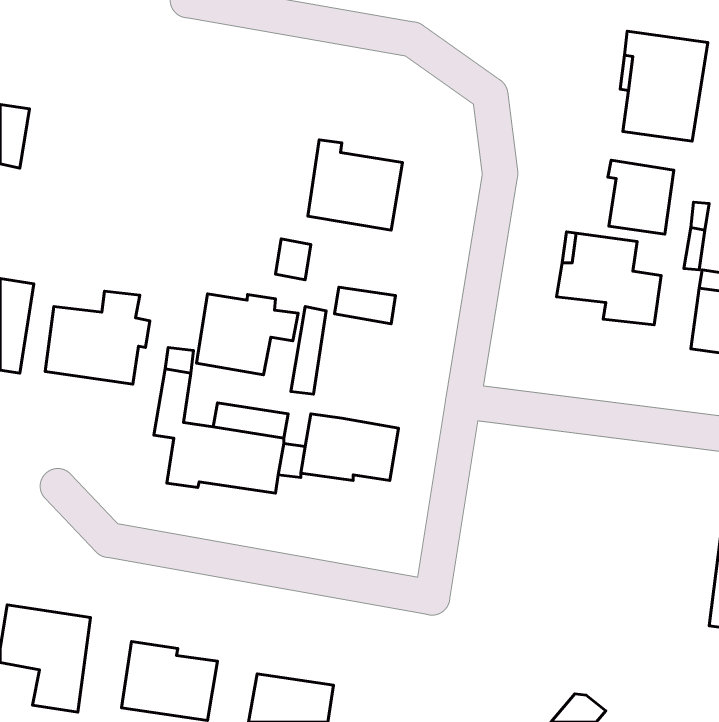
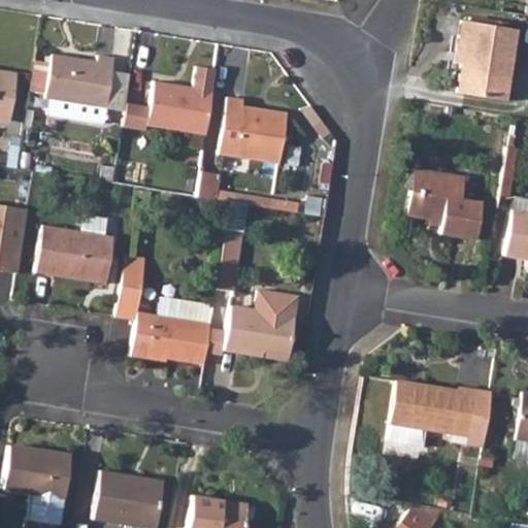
building: none -> [53,59,124,125]
building: none -> [130,72,223,140]
building: [608,160,674,234] -> none
building: [335,287,395,324] -> [252,286,296,312]
building: [196,294,298,375] -> none
building: none -> [392,383,483,449]

